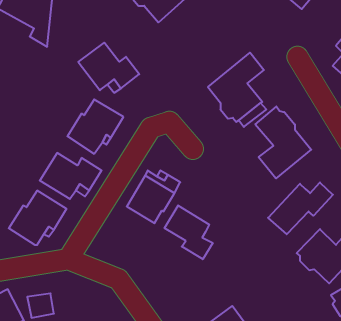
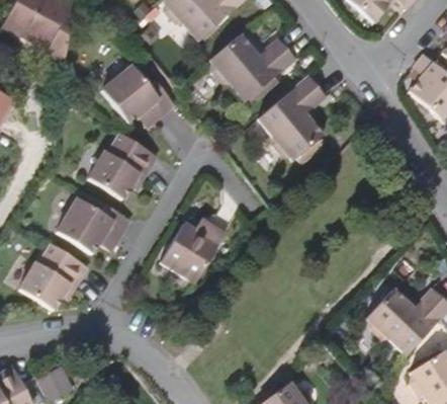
building: none -> [210,33,296,102]
building: [255,106,311,178] -> none
building: [268,182,333,234] -> none
building: [165,205,213,259] -> none

